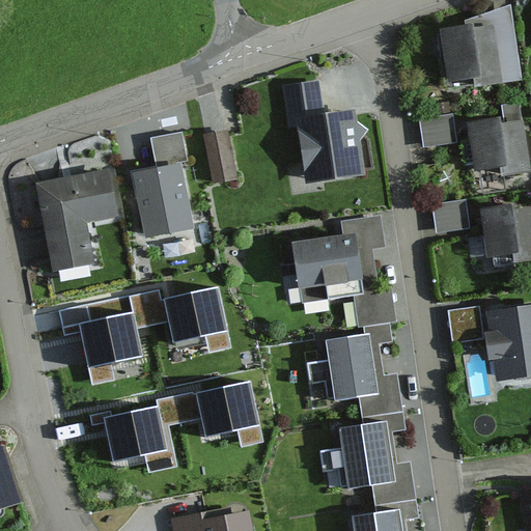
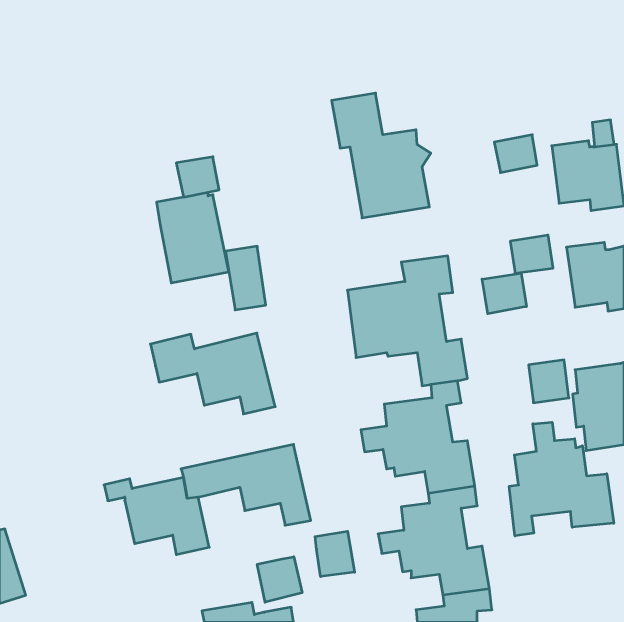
building: [441,4,522,88] -> none
building: [202,129,236,183] -> [225,246,266,310]
building: [34,169,118,273] -> none
building: none -> [482,273,526,314]
building: [60,291,141,381] -> none
building: none -> [509,422,614,536]
building: none -> [315,531,355,577]
building: none -> [257,557,302,602]

